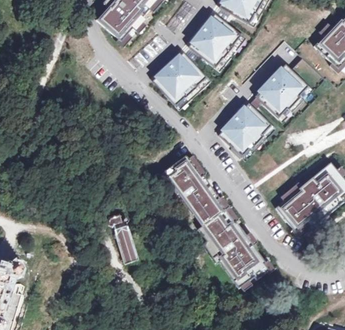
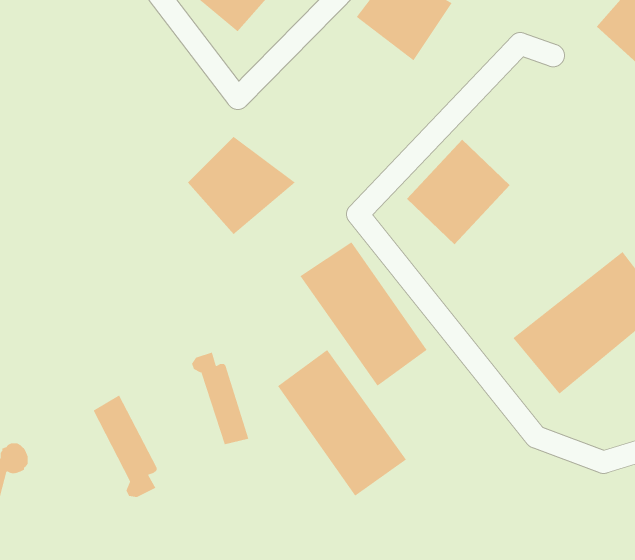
building: [152,49,208,100] -> [187,136,295,235]
building: [253,64,309,119] -> none
building: [203,212,270,288] -> [277,349,407,496]
building: none -> [93,395,157,498]

